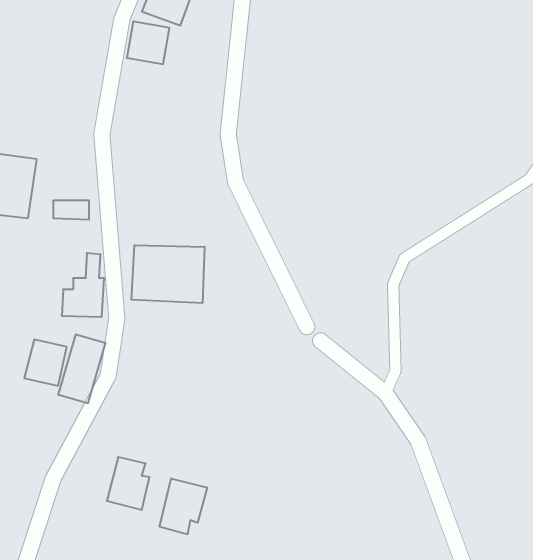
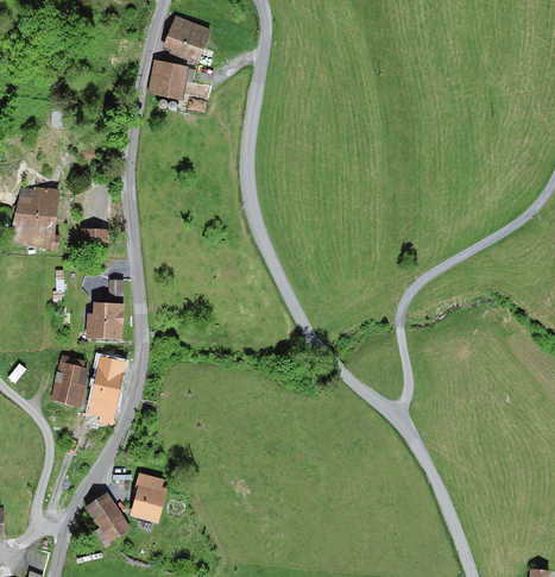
building: [131,245,204,303] -> none
building: none -> [81,493,128,545]
building: [160,478,207,534] -> none

